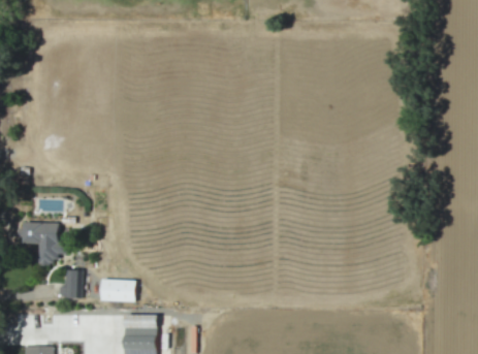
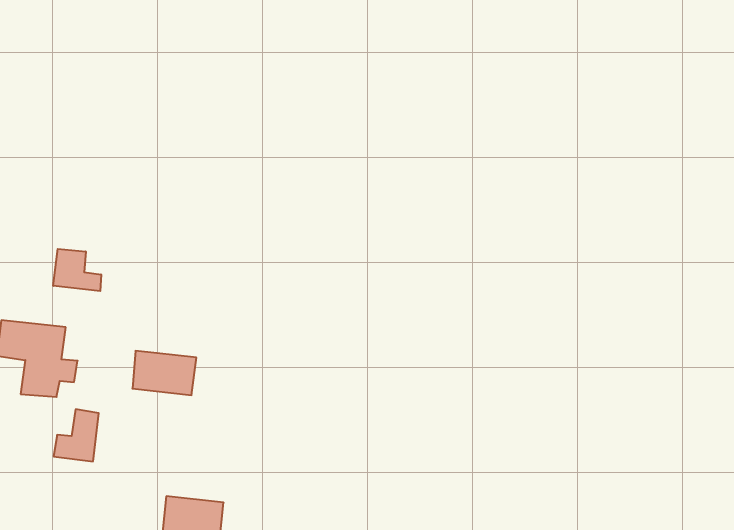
building: none -> [53,249,101,291]
building: [100,280,135,302] -> [132,351,196,395]

